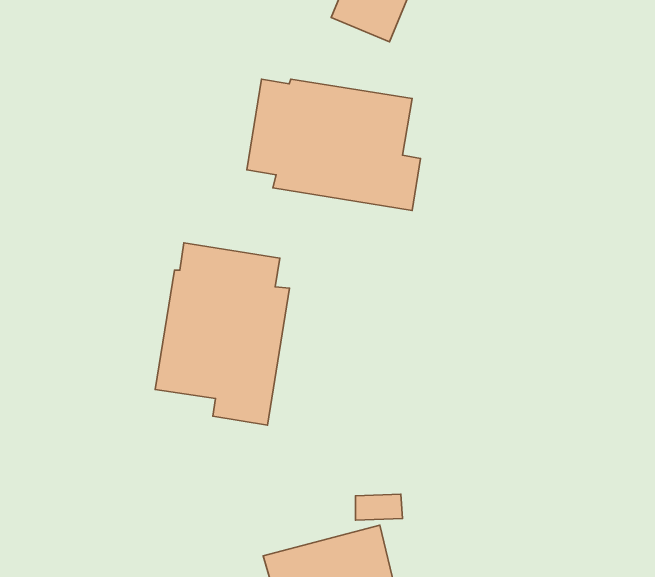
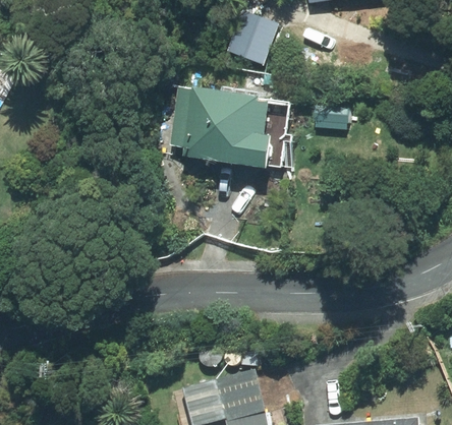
building: [155,243,289,425] -> none

